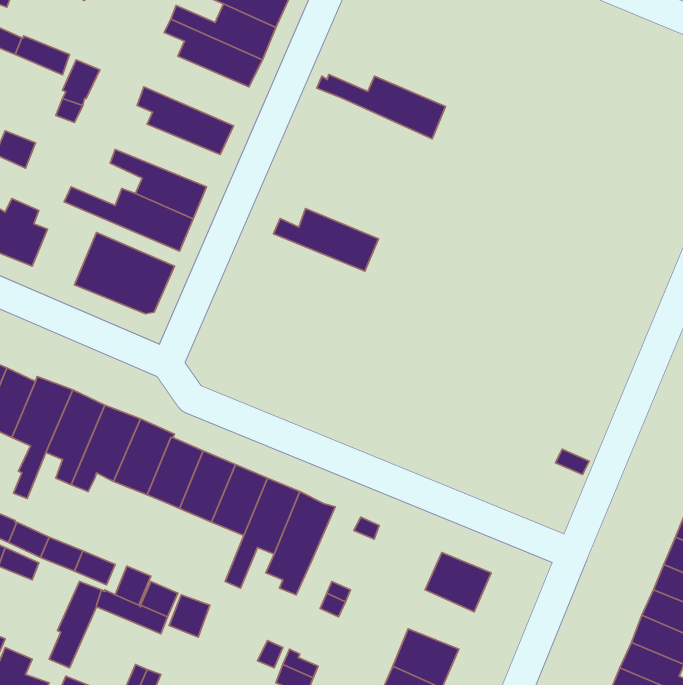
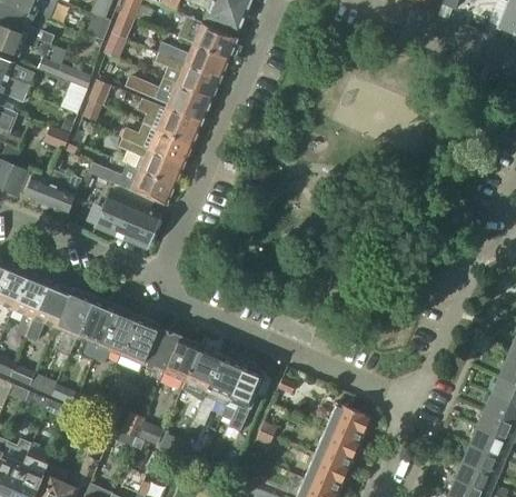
building: [317,74,446,139] -> [126,76,210,118]
building: [273,208,378,271] -> [122,121,191,162]
building: none -> [315,427,358,466]

